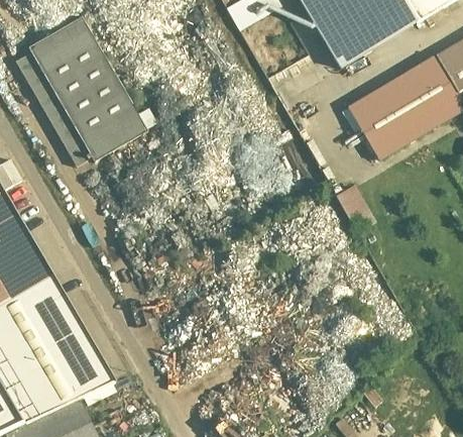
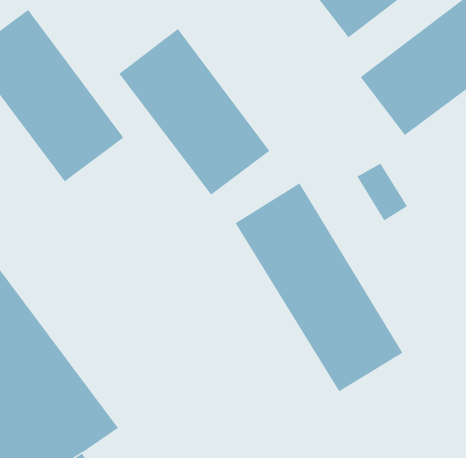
building: none -> [118,28,270,195]
building: none -> [235,183,403,392]

